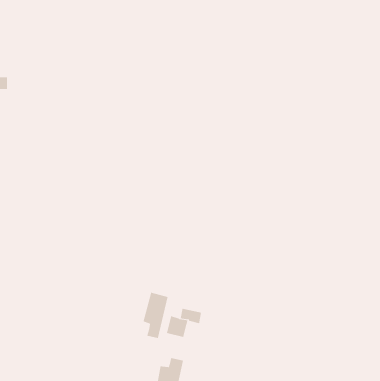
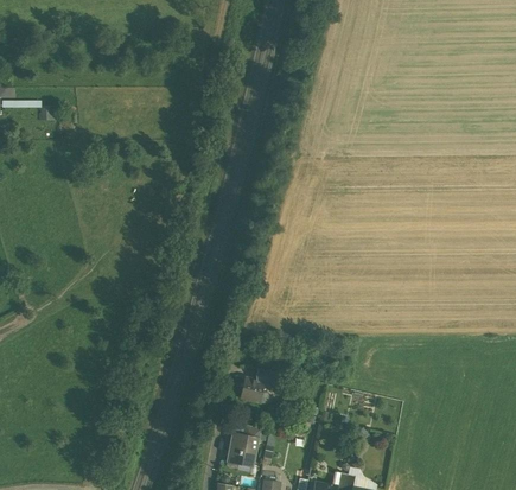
building: [143,292,168,339] -> none

